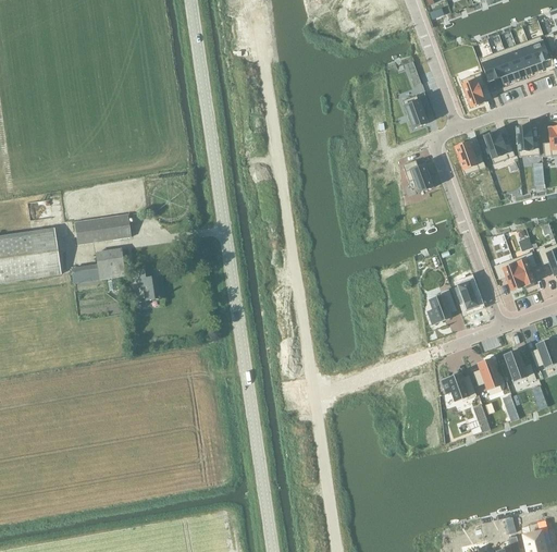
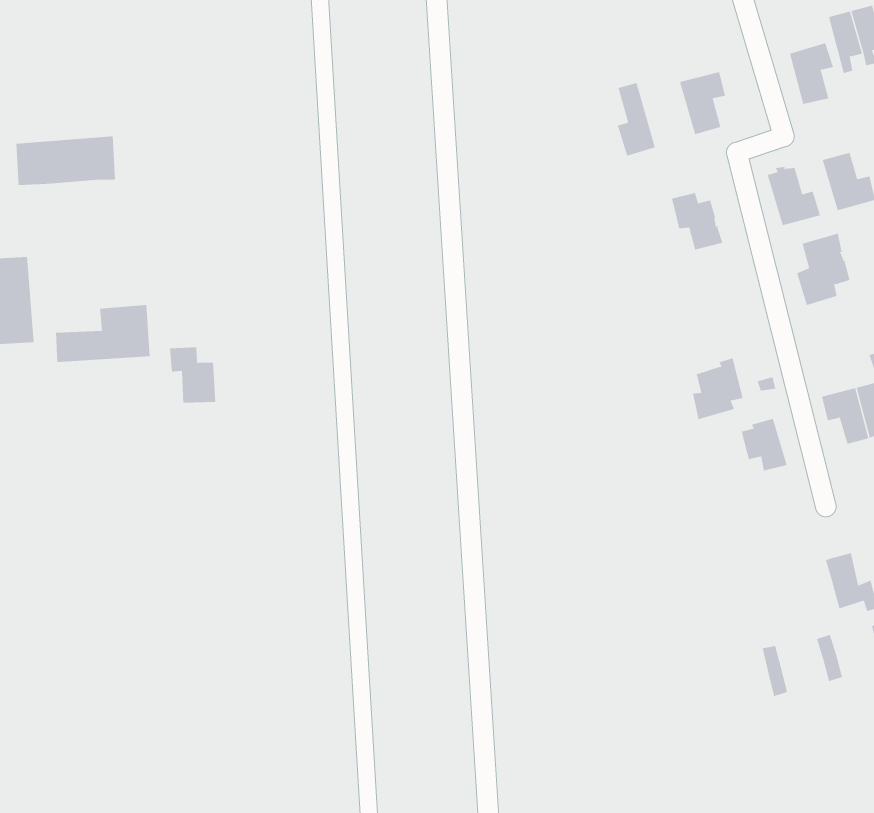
building: none -> [617,82,656,156]
building: none -> [796,233,850,306]
building: [74,213,131,245] -> [15,136,116,185]
building: [428,289,456,324] -> [692,357,744,420]
building: [473,358,500,390] -> none
building: [441,373,475,401] -> none

